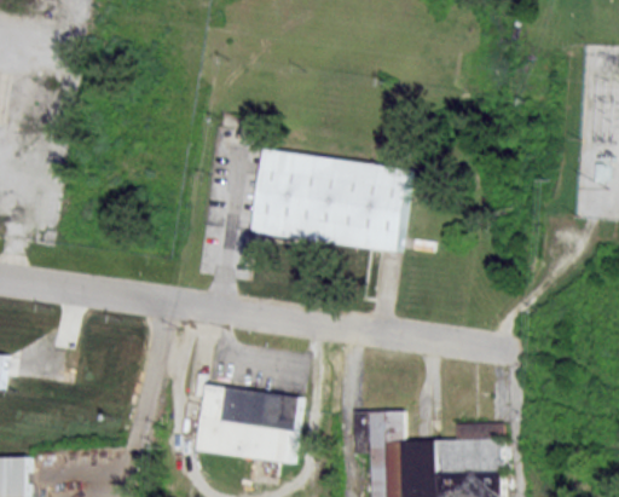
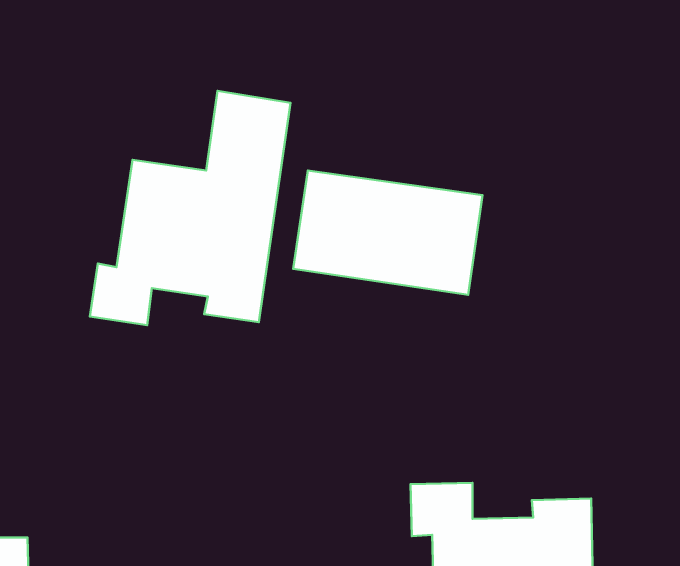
building: none -> [90,91,291,325]
building: [197,383,301,463] -> none

